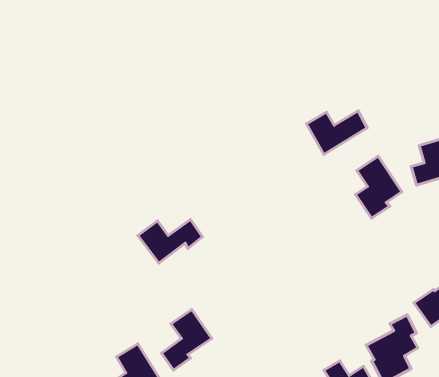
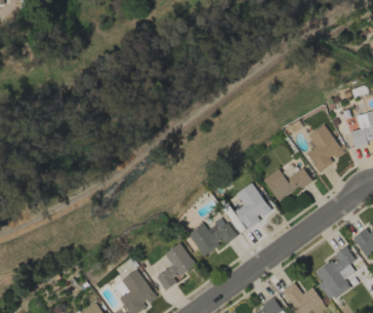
building: [307,111,367,154] -> [263,167,310,201]
building: [138,220,202,263] -> [186,222,237,256]
building: none -> [234,182,271,229]

